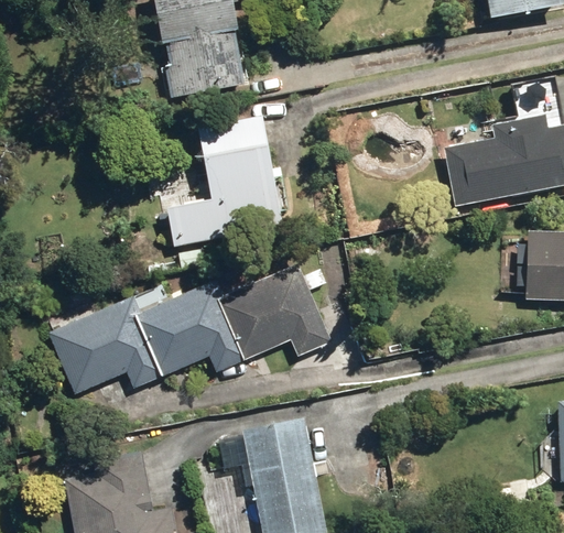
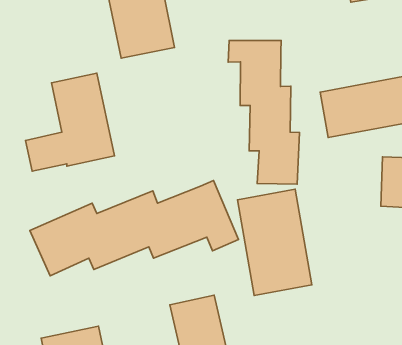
building: none -> [228,41,300,184]
building: [167,115,289,248] -> [26,73,115,171]
building: none -> [237,189,312,295]

